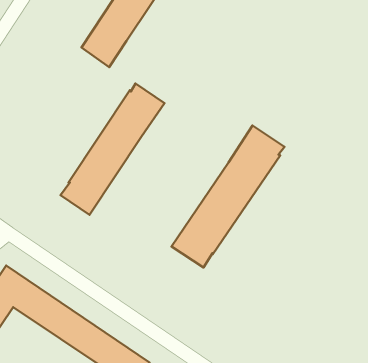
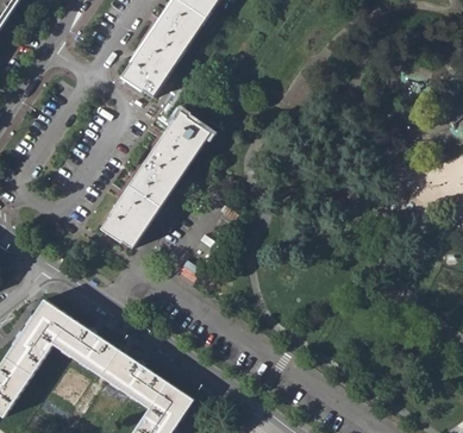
building: [172,126,285,268] -> none

